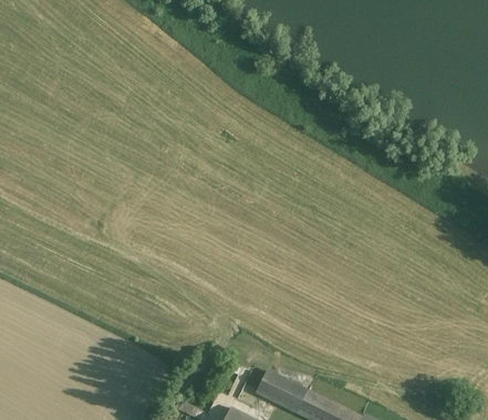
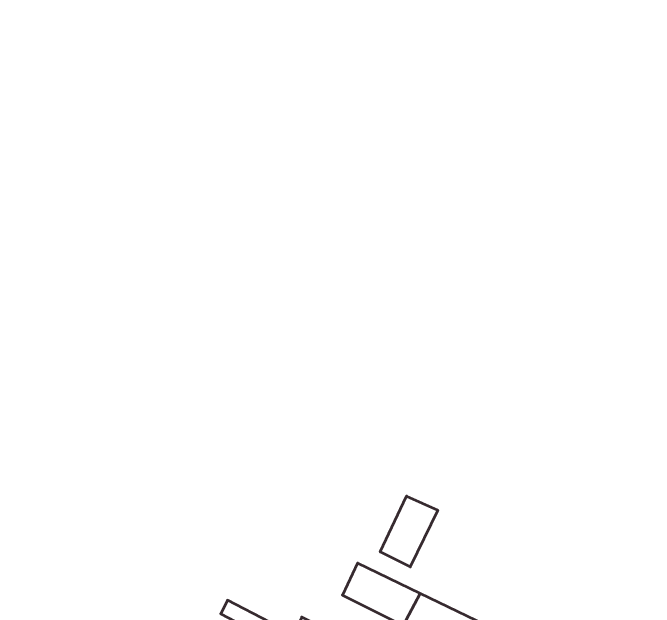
building: none -> [380,496,438,567]

